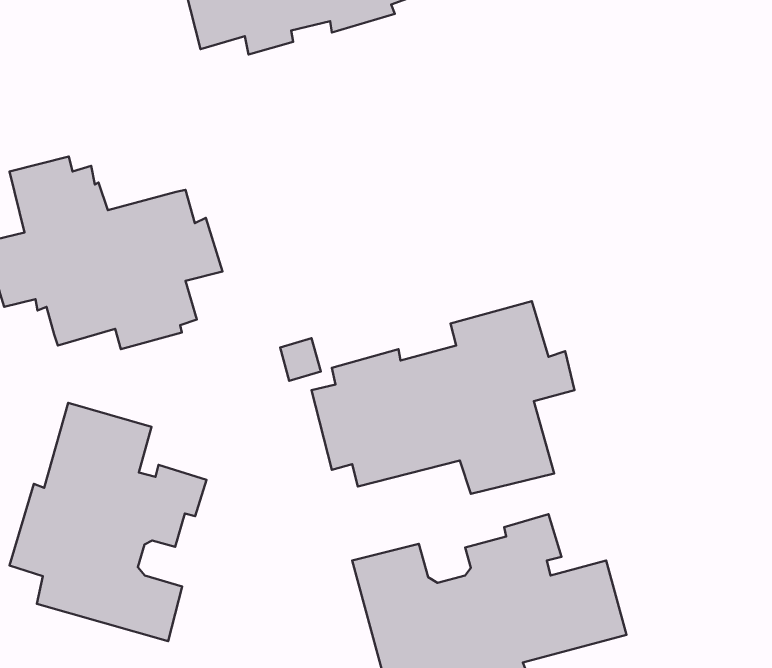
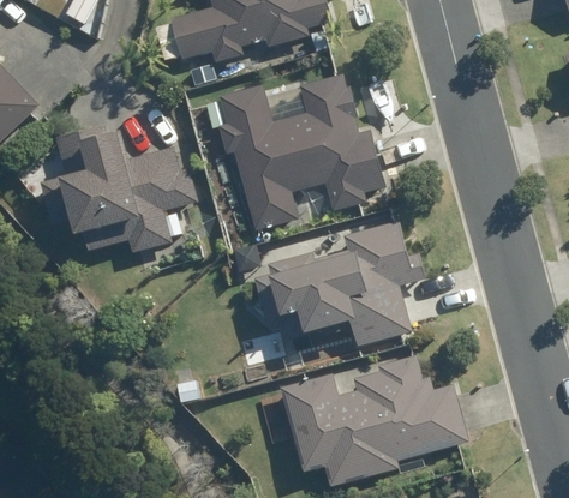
building: none -> [220,74,385,229]
building: [10,403,207,641] -> none

